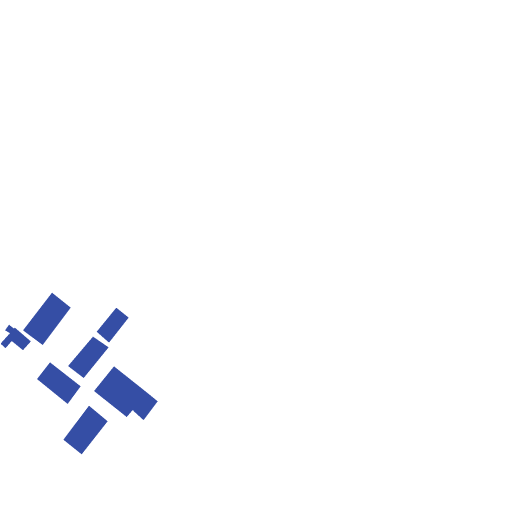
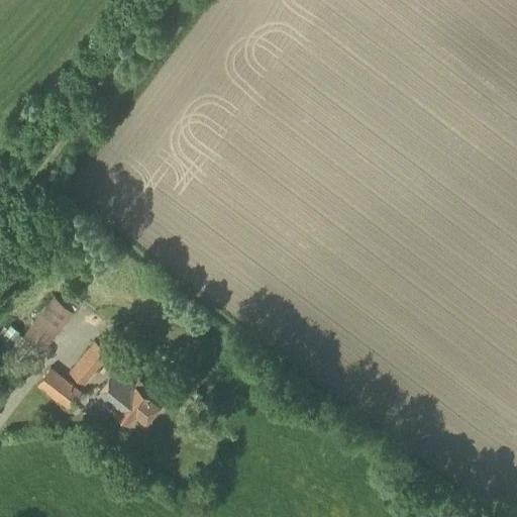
building: [96,307,130,344] -> none
building: [62,404,109,455] -> none

